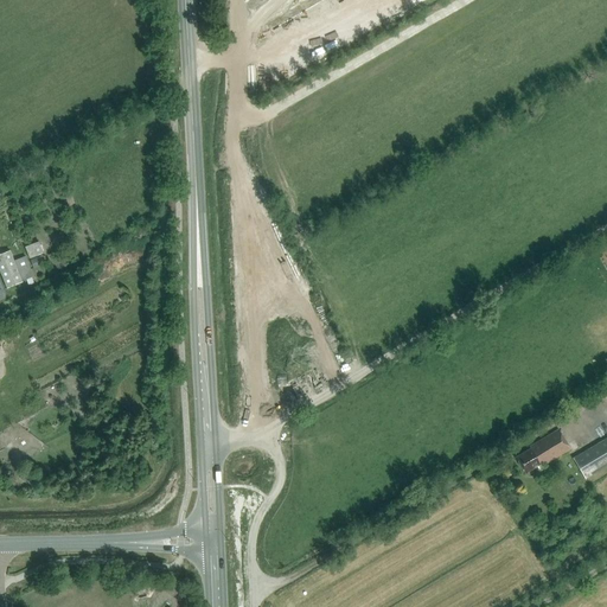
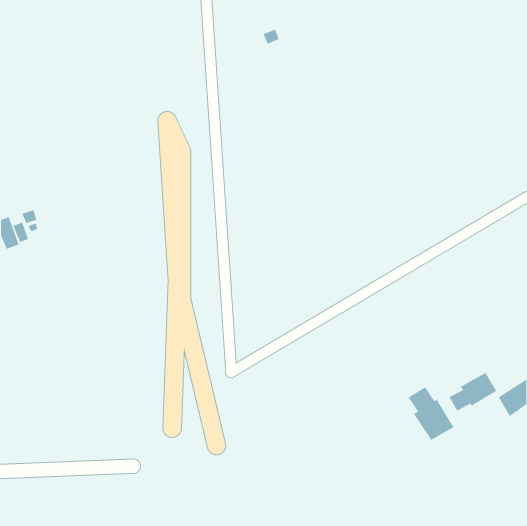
building: none -> [408,386,454,441]

